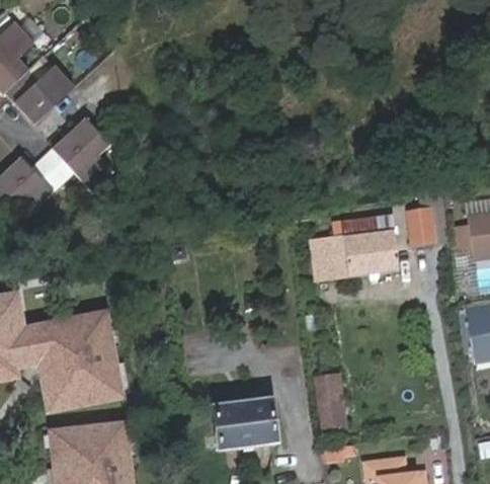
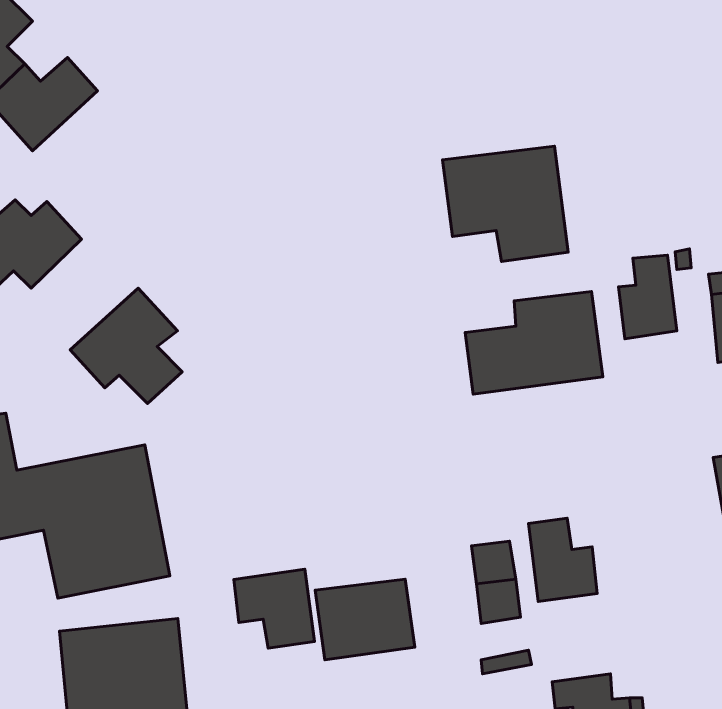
building: [43,116,114,190] -> [70,288,182,404]
building: none -> [442,146,568,262]
building: none -> [529,518,597,601]
building: none -> [234,569,315,648]

